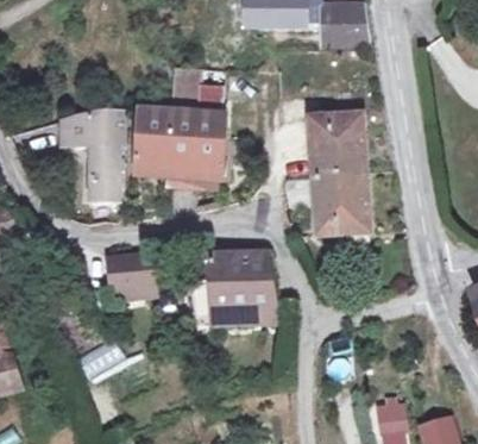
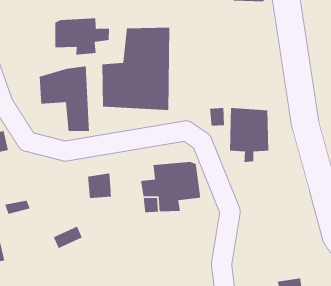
building: none -> [54,17,110,56]
building: [313,106,364,180] -> none

